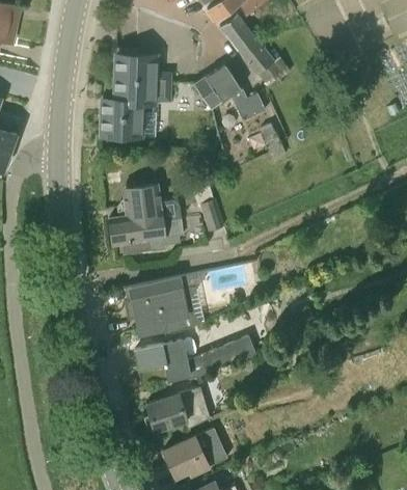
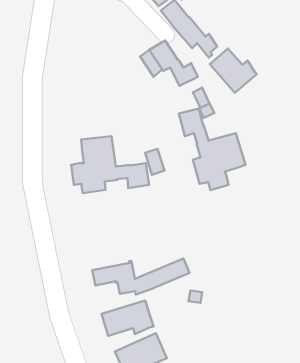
building: [101,56,171,138] -> none
building: none -> [210,48,257,93]
building: none -> [179,109,246,190]
building: [121,277,192,332] -> none

